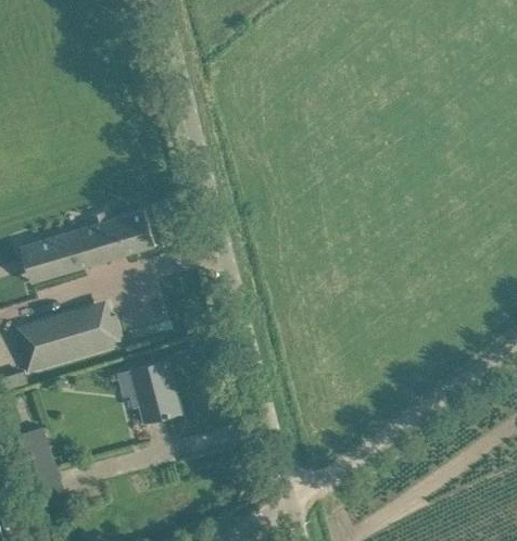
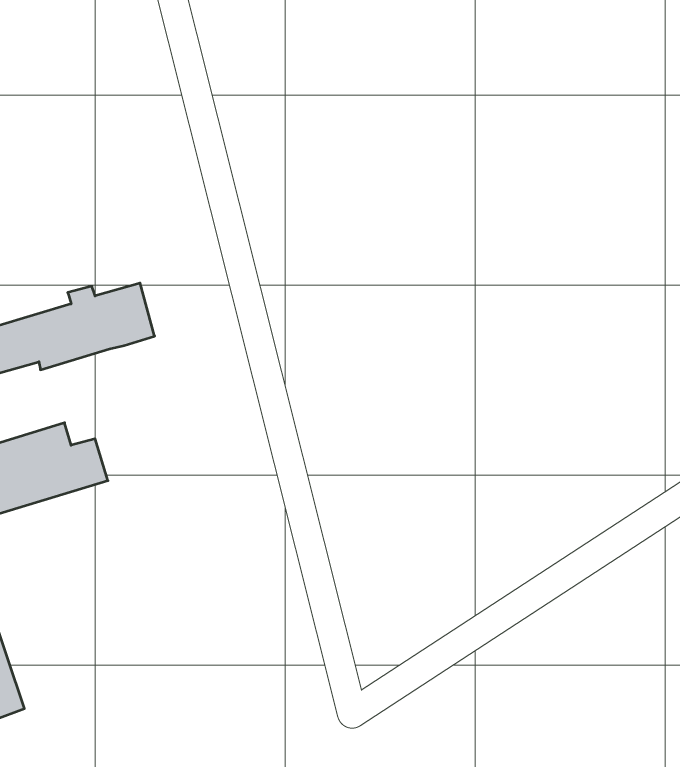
building: [116,361,180,423] -> none

